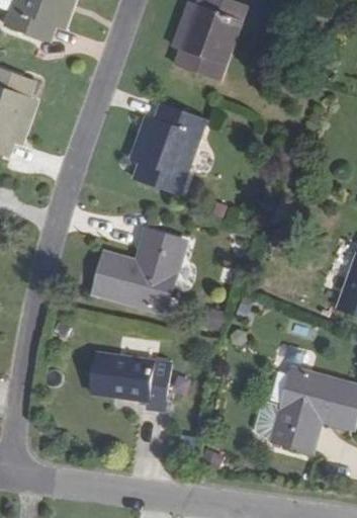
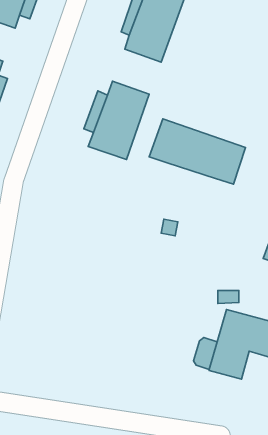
building: none -> [149,119,246,184]
building: [94,230,185,312] -> none
building: [90,351,171,411] -> none

